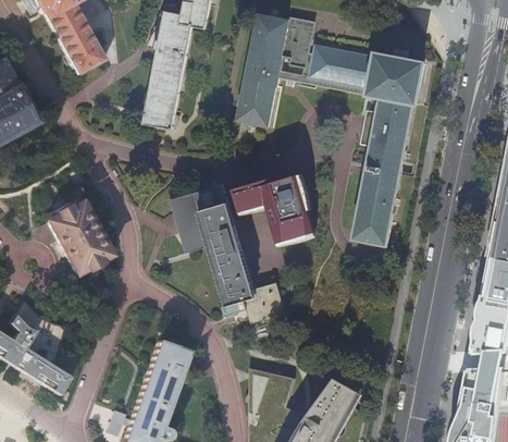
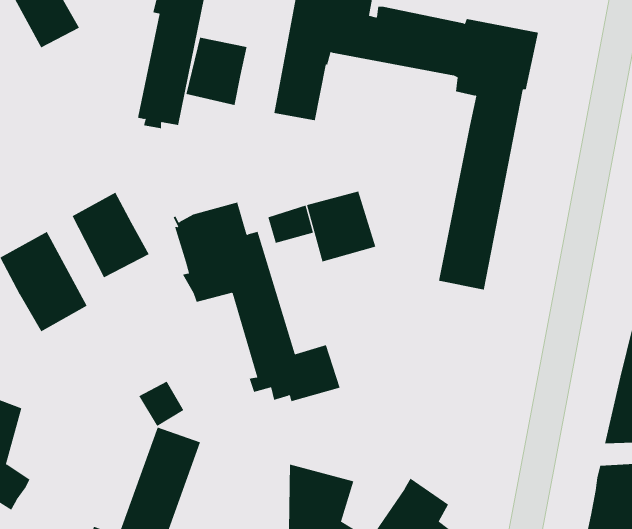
building: none -> [186,37,247,106]
building: none -> [72,192,150,278]
building: [273,212,317,241] -> none
building: none -> [139,381,184,427]

